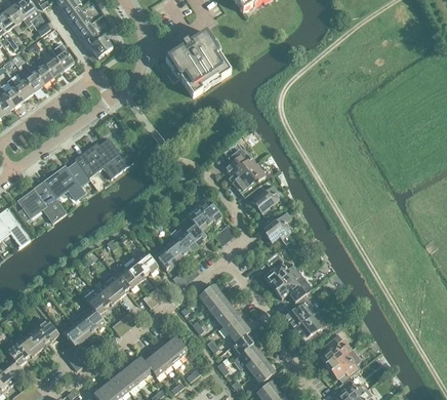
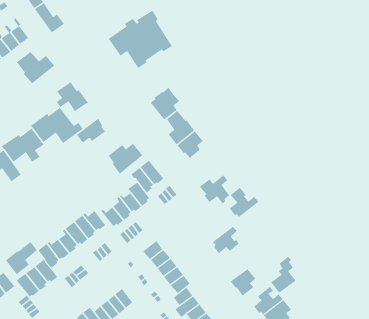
building: none -> [16,51,55,84]
building: none -> [56,82,89,112]
building: none -> [150,87,180,120]
building: none -> [76,118,106,144]
building: none -> [108,143,143,174]
building: [249,185,279,213] -> none
building: [263,252,296,286] -> [229,187,259,218]
building: none -> [5,241,38,275]
building: [284,288,313,329] -> [270,256,297,294]

